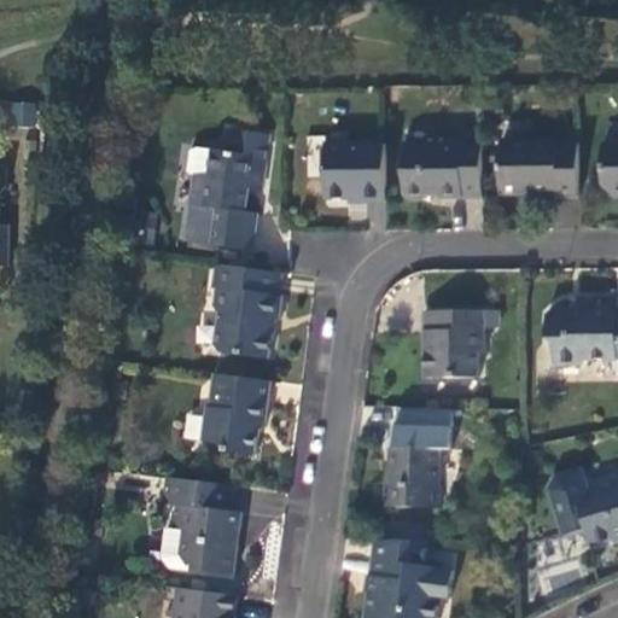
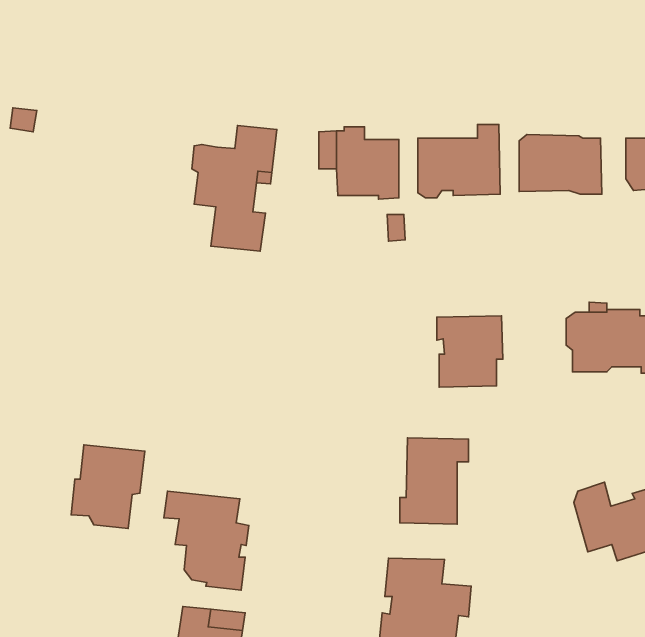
building: [212,266,282,358] -> none
building: [199,373,269,453] -> [71,445,145,529]

